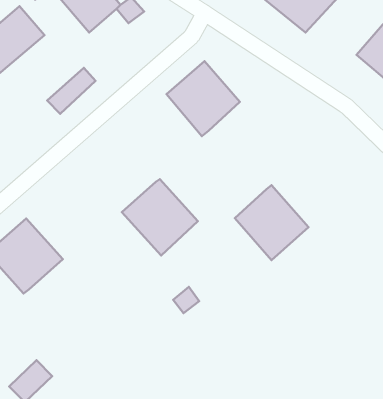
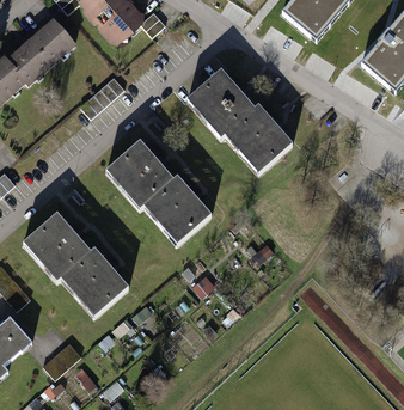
building: none -> [105,137,177,209]
building: [235,185,308,260] -> [225,102,292,170]
building: none -> [61,245,131,316]

